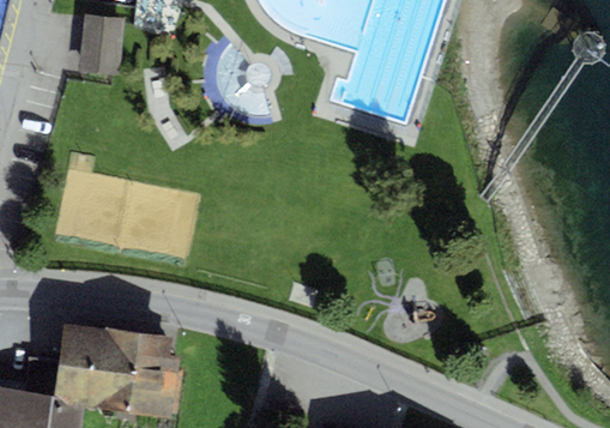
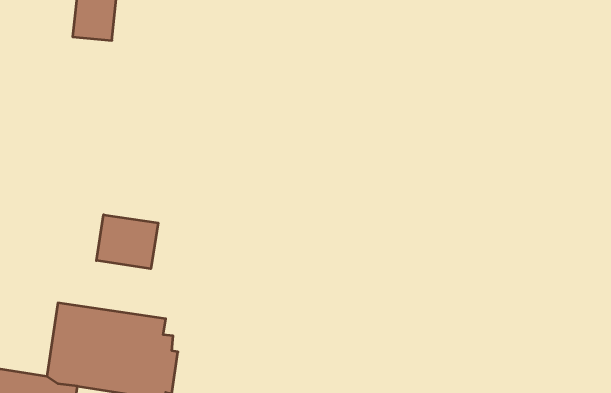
building: none -> [96,215,158,269]

